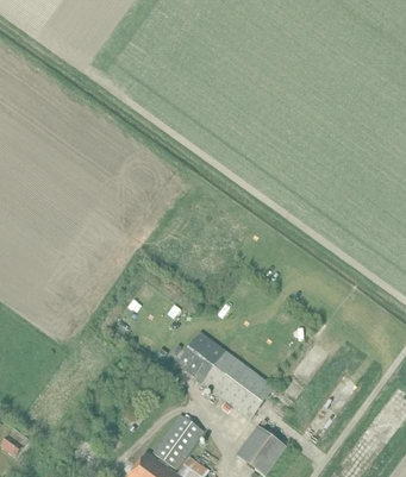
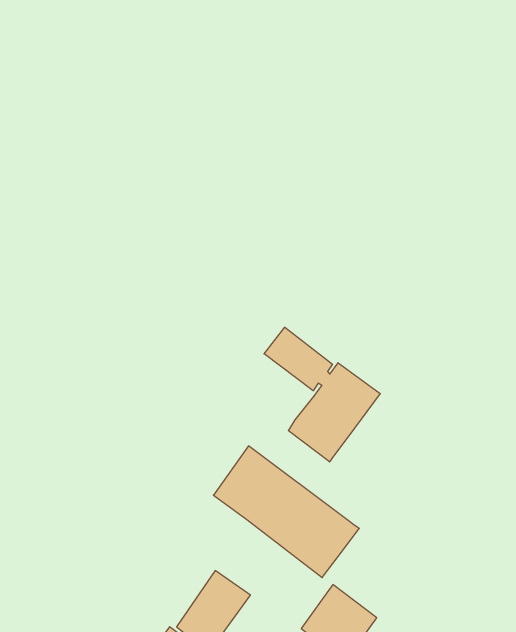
building: none -> [264,327,380,462]

